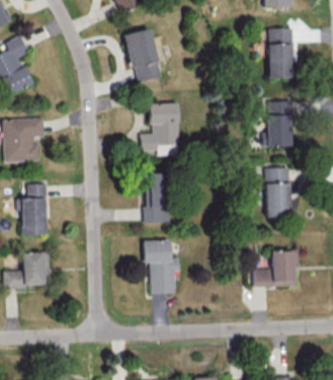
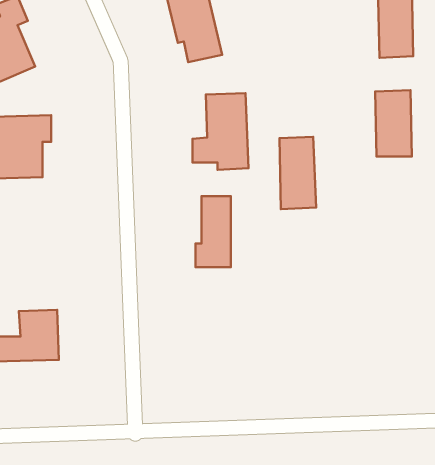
building: [265,167,290,217] -> [279,137,316,209]
building: [22,183,49,235] -> none
building: [144,239,180,293] -> none
building: [253,250,298,286] -> none

